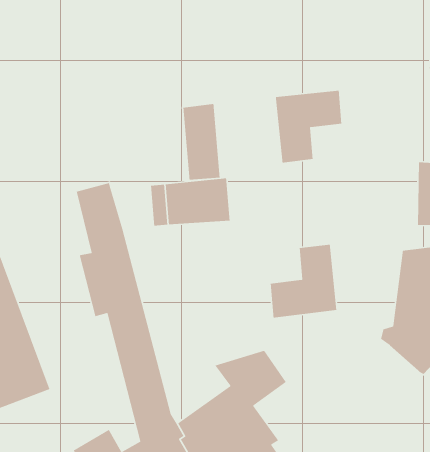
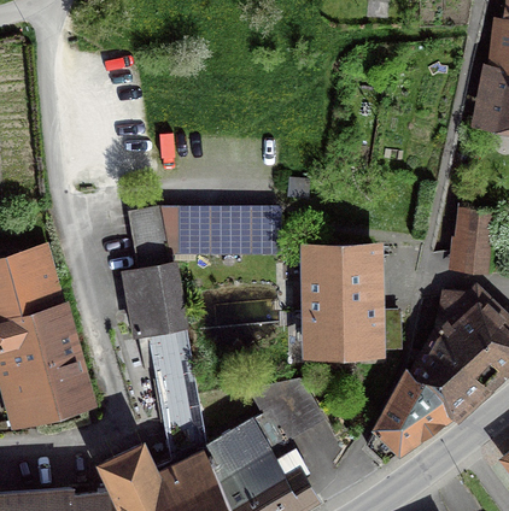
building: [275,90,342,163] -> [310,247,374,315]
building: [183,103,220,181] -> none
building: none -> [163,208,201,249]
building: none -> [367,371,452,462]

